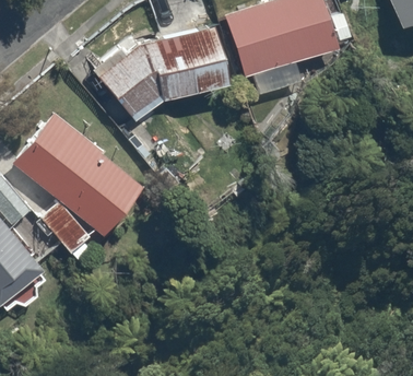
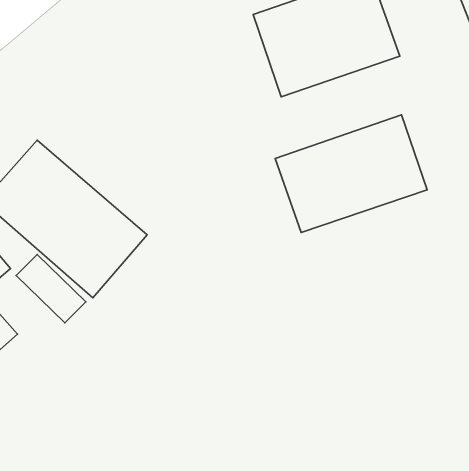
building: [98,21,227,118] -> none
building: none -> [275,115,427,232]

